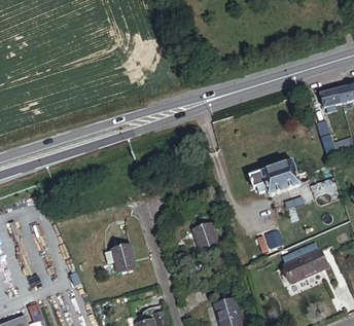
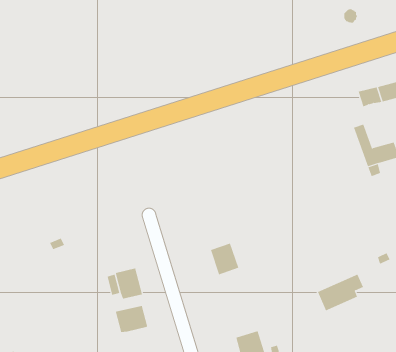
building: [249,158,309,194] -> none
building: none -> [115,305,148,333]

